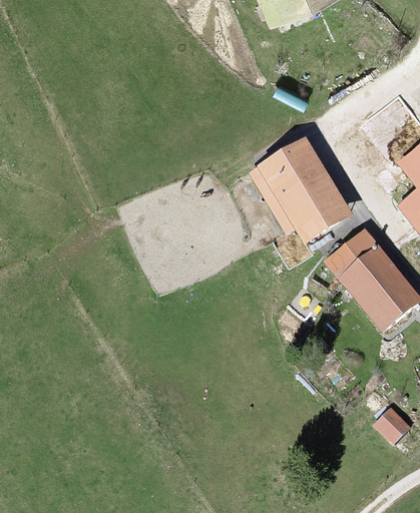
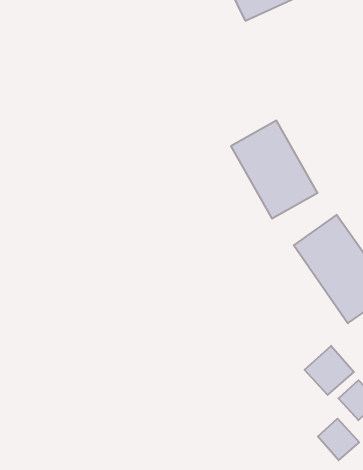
building: none -> [305,346,354,395]
building: none -> [318,419,359,460]

